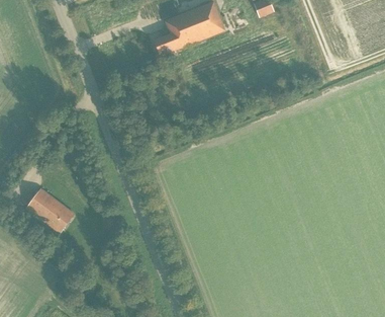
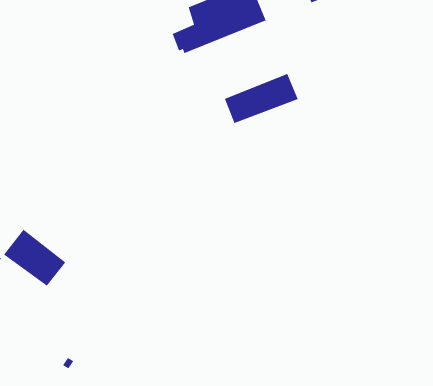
building: none -> [224,73,298,124]

